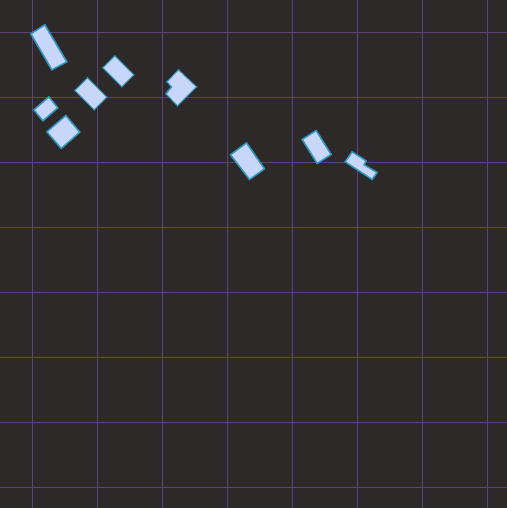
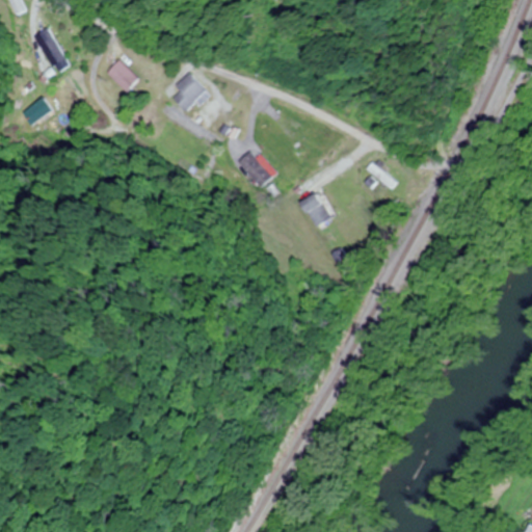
building: [75,78,107,110] -> none
building: [47,116,80,148] -> none
building: [302,131,331,163] -> [299,192,329,227]

